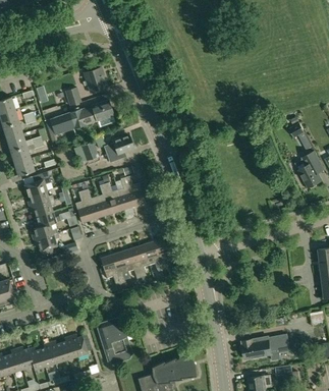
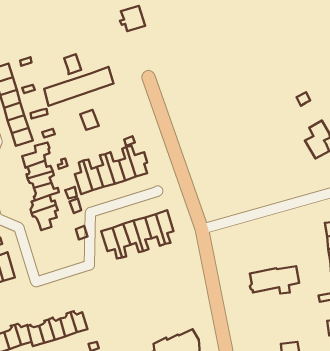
building: [83,67,107,92] -> [120,6,145,31]
building: [104,134,133,162] -> none
building: [97,317,132,364] -> none
building: [242,334,290,360] -> [250,266,299,293]

